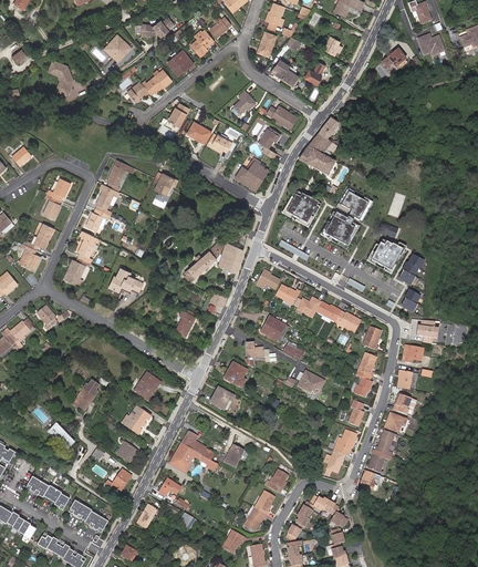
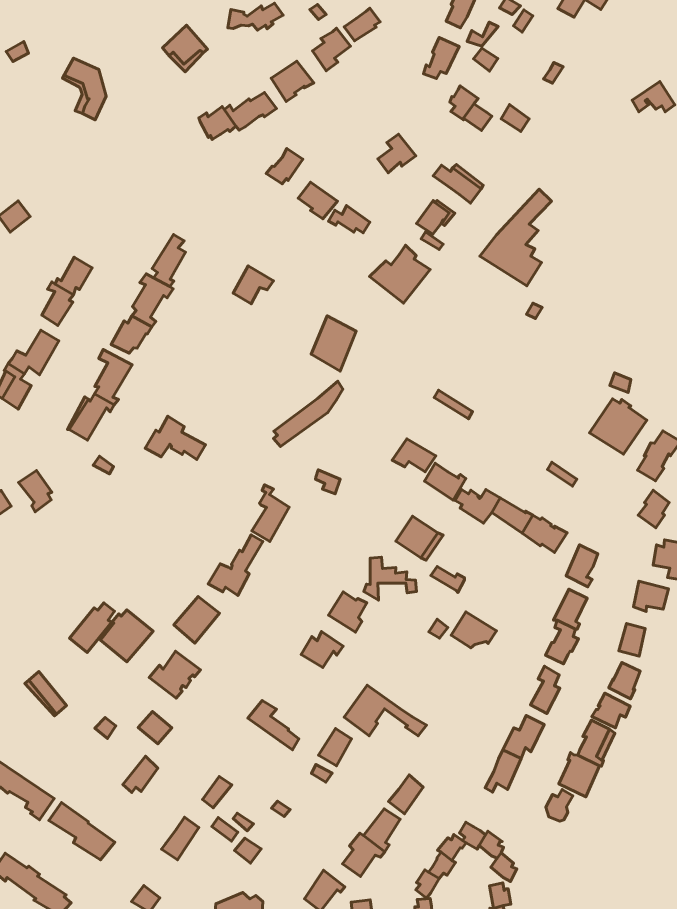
building: [285,190,319,223] -> none
building: [324,190,368,245] -> none
building: [218,241,243,274] -> [311,316,356,371]
building: none -> [208,535,263,596]
building: none -> [100,610,153,662]
building: [169,442,218,472] -> [344,685,426,736]

